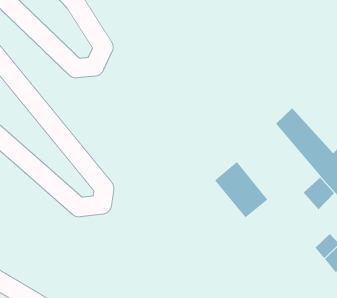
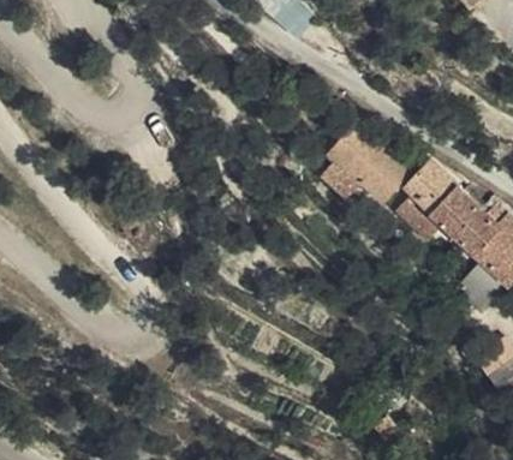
building: [214,161,268,218] -> [335,126,414,210]

